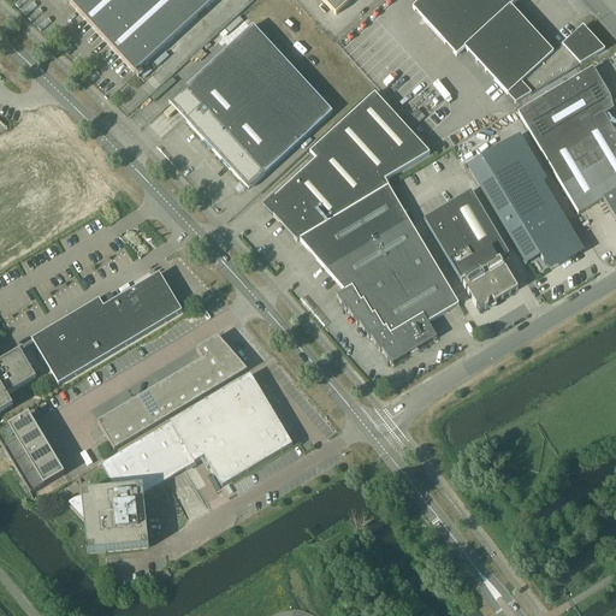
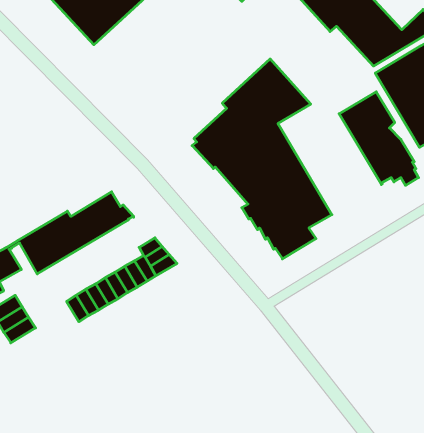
building: [168,22,332,185] -> none
building: [424,188,517,308] -> none
building: [67,371,291,550] -> none
building: [22,455,64,491] -> none

